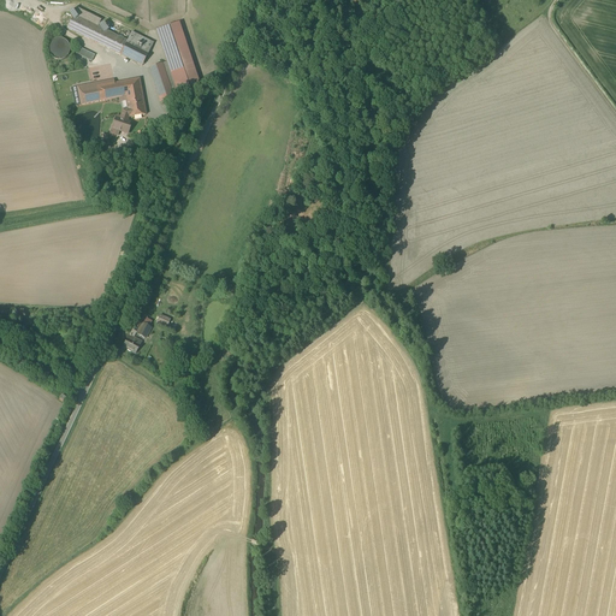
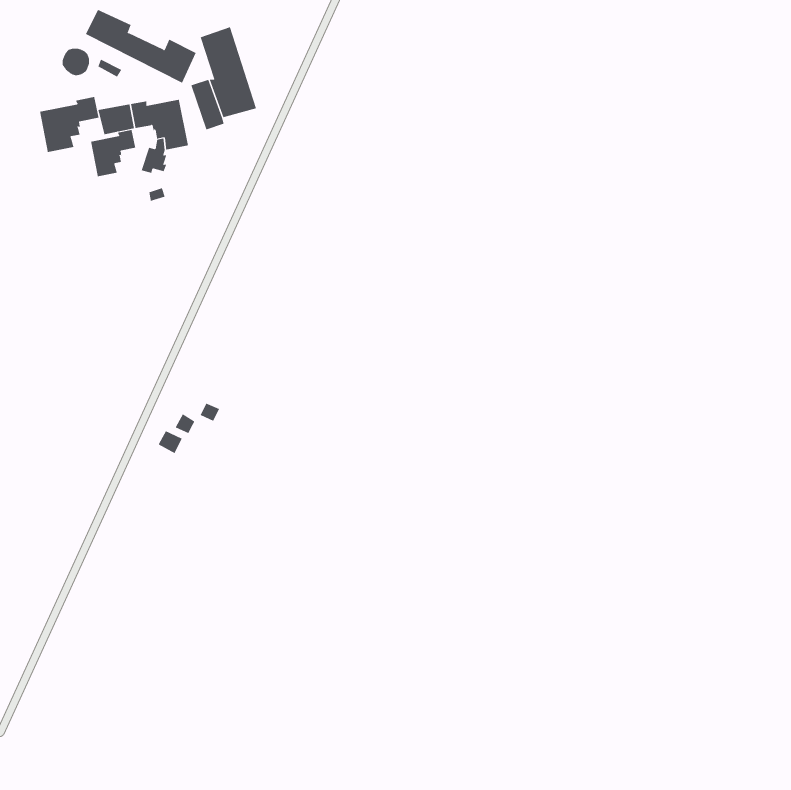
building: none -> [40,96,99,153]
building: none -> [91,129,136,177]

